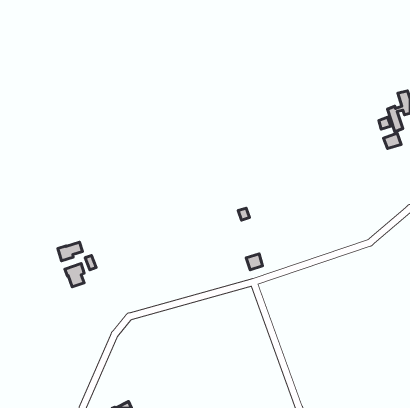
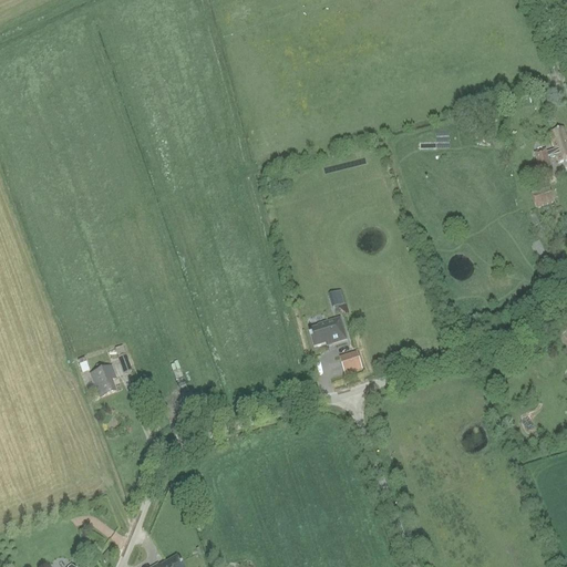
building: none -> [309,316,347,346]
building: [58,242,83,261] -> none

